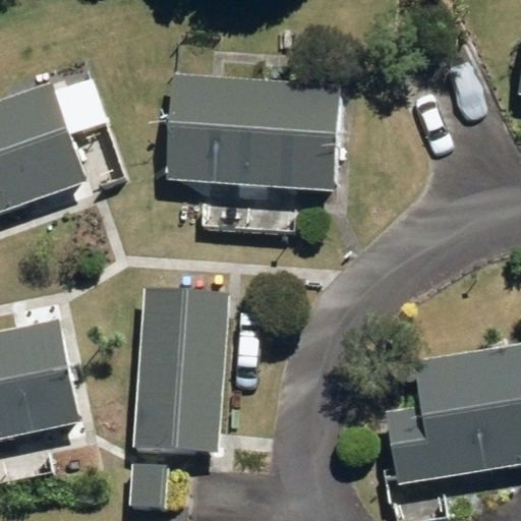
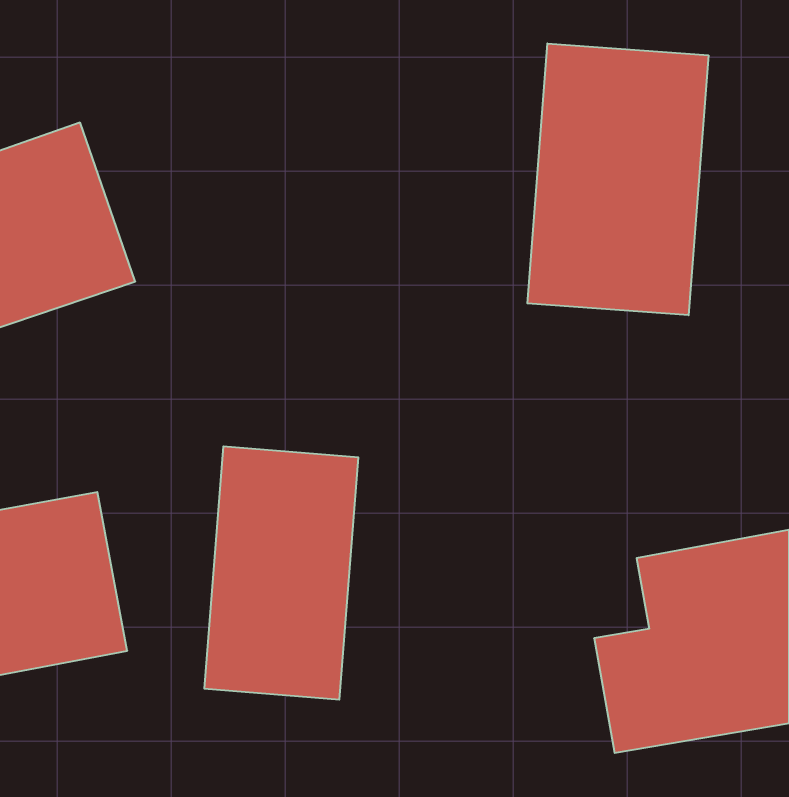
building: none -> [527,43,708,315]
building: [160,73,342,192] -> none

